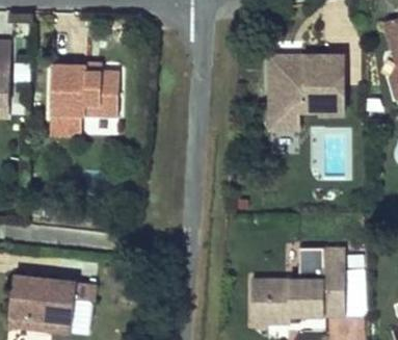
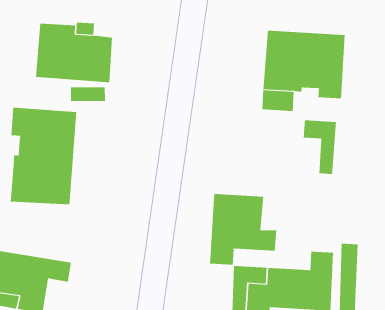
building: none -> [303,120,337,175]
building: none -> [10,107,77,205]
building: none -> [209,193,277,265]

